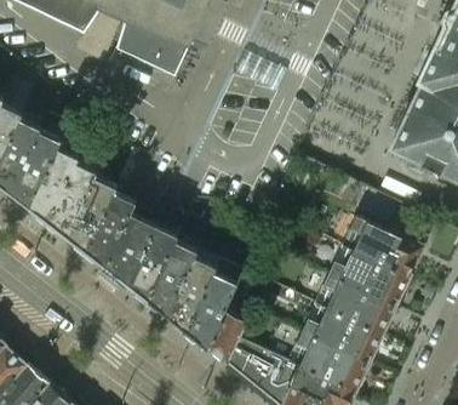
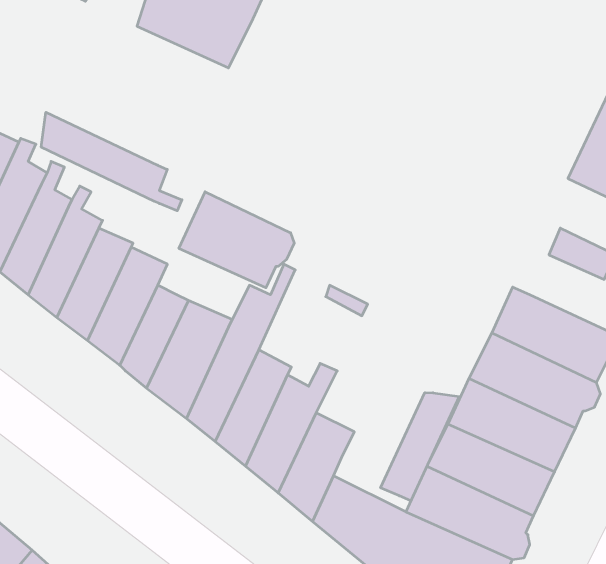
building: none -> [41,112,182,211]
building: none -> [179,192,294,288]
building: none -> [381,393,459,501]

